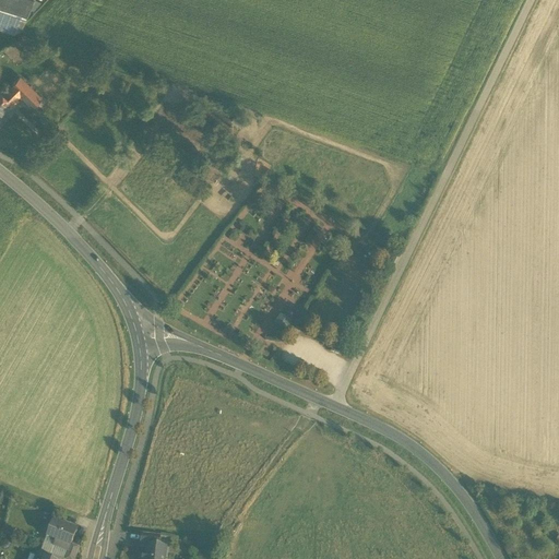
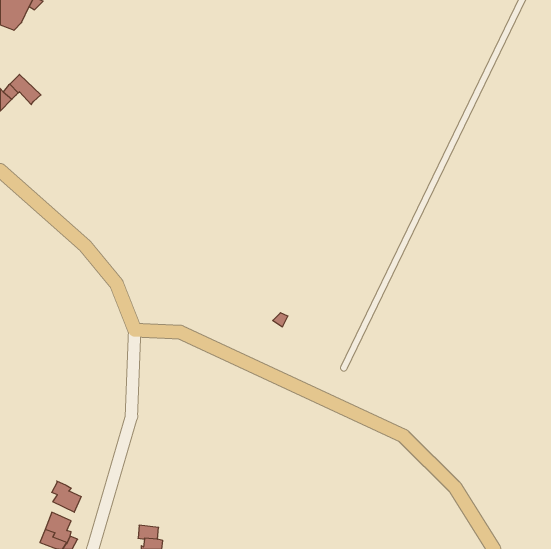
building: none -> [52,481,81,512]

